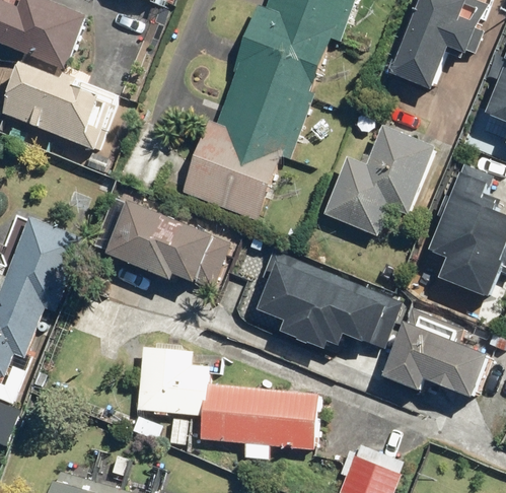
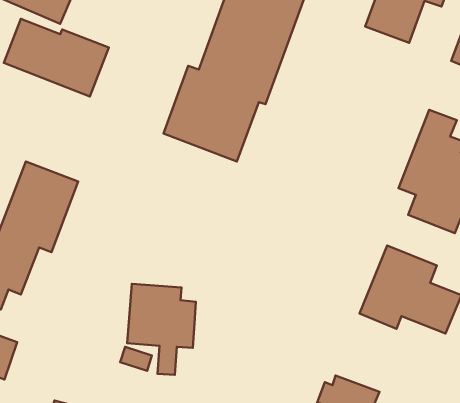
building: [321,125,434,233] -> none
building: [94,197,232,291] -> none
building: [263,251,405,352] -> none
building: [206,384,322,462] -> none

